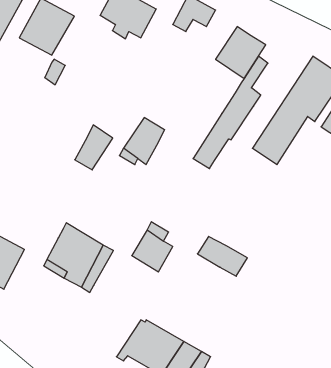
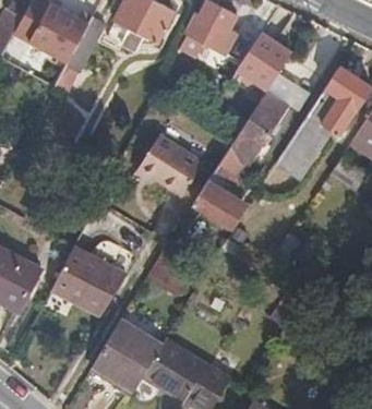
building: [75,125,113,170] -> [163,143,203,191]
building: [197,236,247,276] -> [193,184,247,227]
building: none -> [97,325,157,385]

